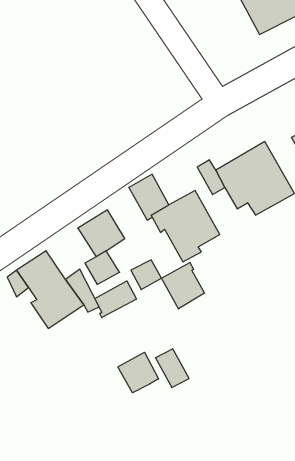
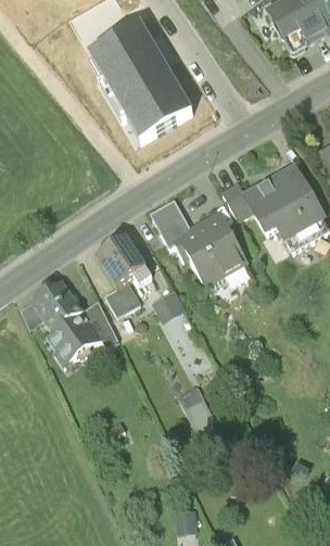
building: none -> [88,21,192,141]
building: [162,262,204,309] -> none
building: [95,281,136,318] -> none
building: [118,352,159,393] -> none

